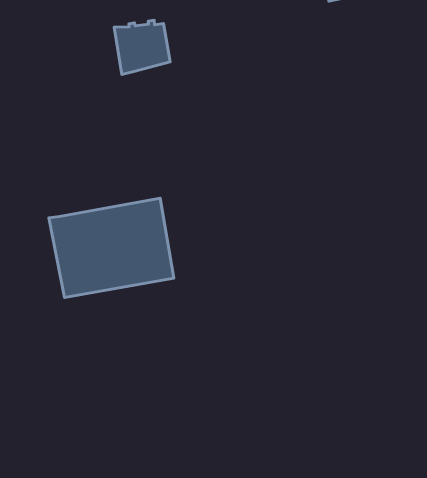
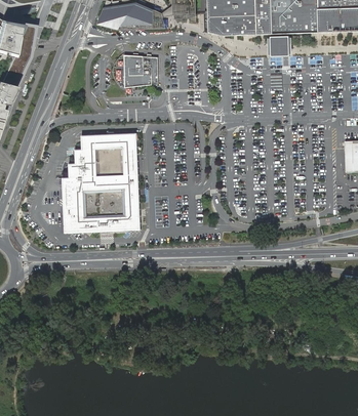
building: none -> [68,131,137,176]

